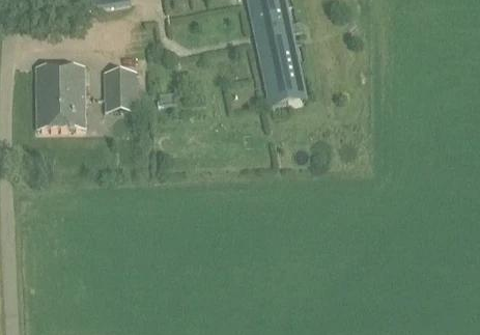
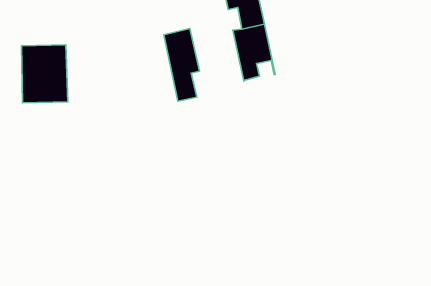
building: none -> [164,28,199,101]
building: [104,68,136,110] -> none

